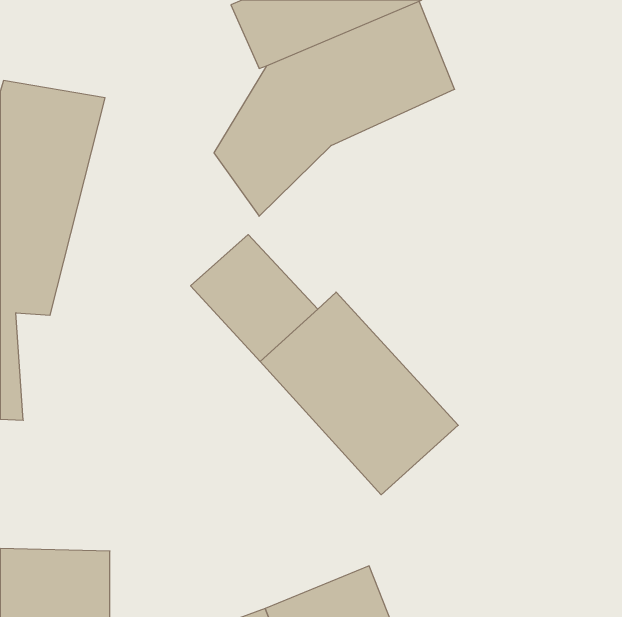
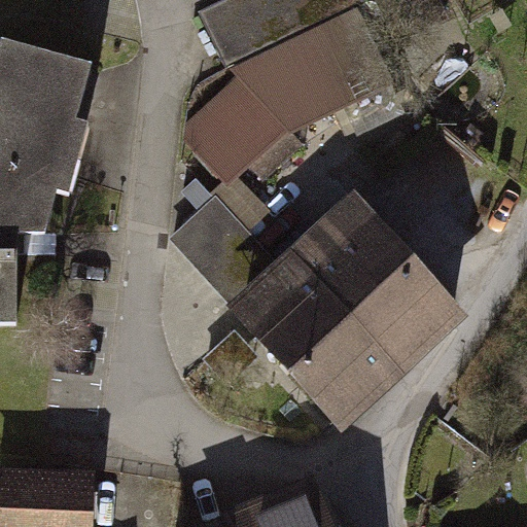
building: none -> [285,189,457,364]

